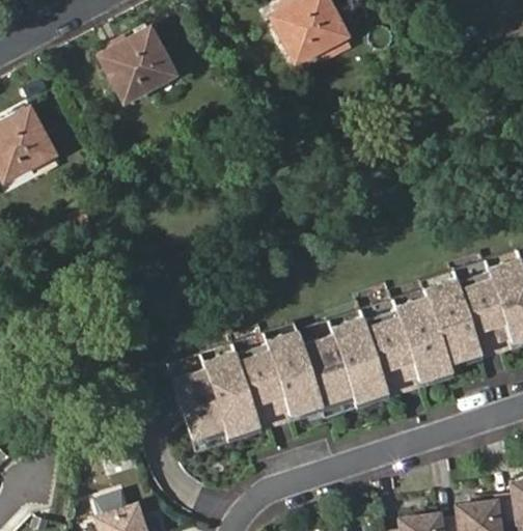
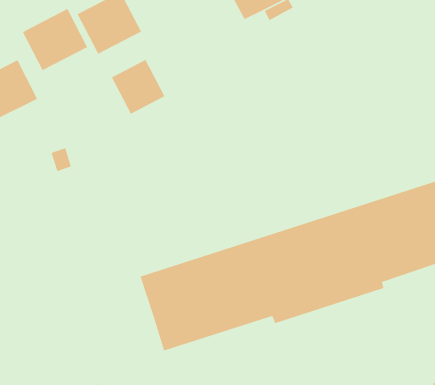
building: none -> [22,8,88,71]
building: none -> [111,59,165,115]

